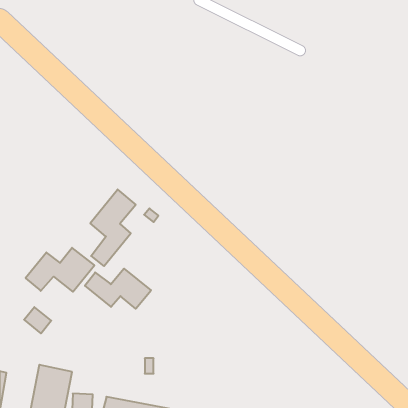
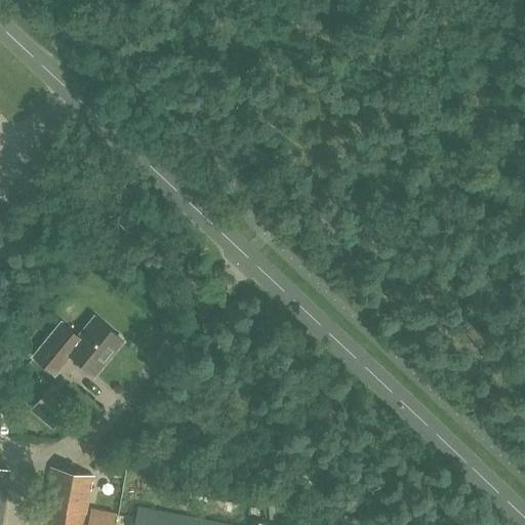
building: [90,189,136,266] -> none
building: [85,269,151,309] -> none

